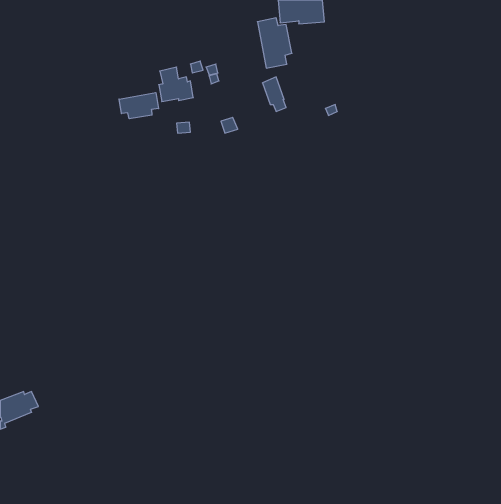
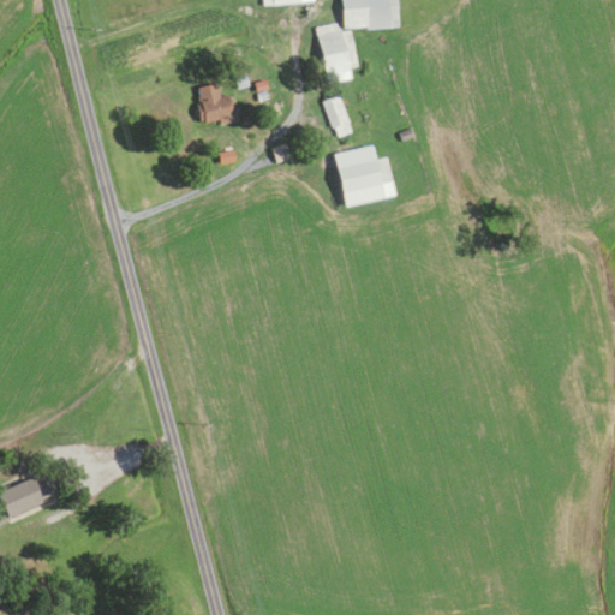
building: [119,93,159,119] -> none
building: none -> [334,144,395,205]

